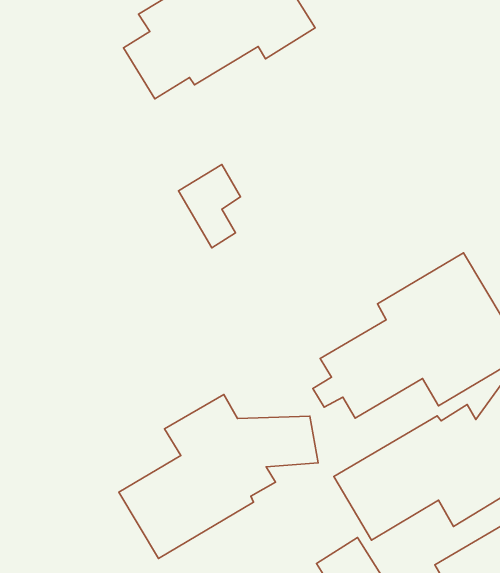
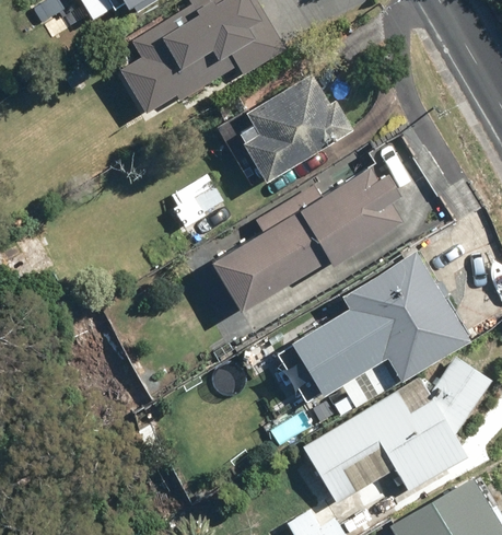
building: none -> [218,75,353,184]
building: none -> [212,163,413,313]
building: [119,395,318,558] -> none

